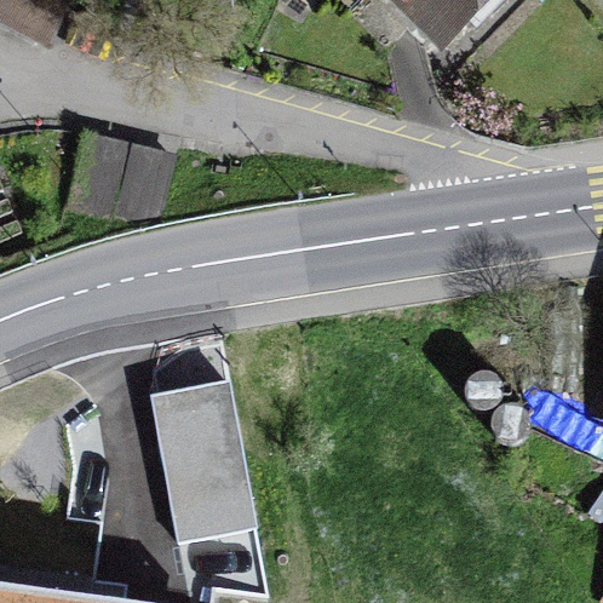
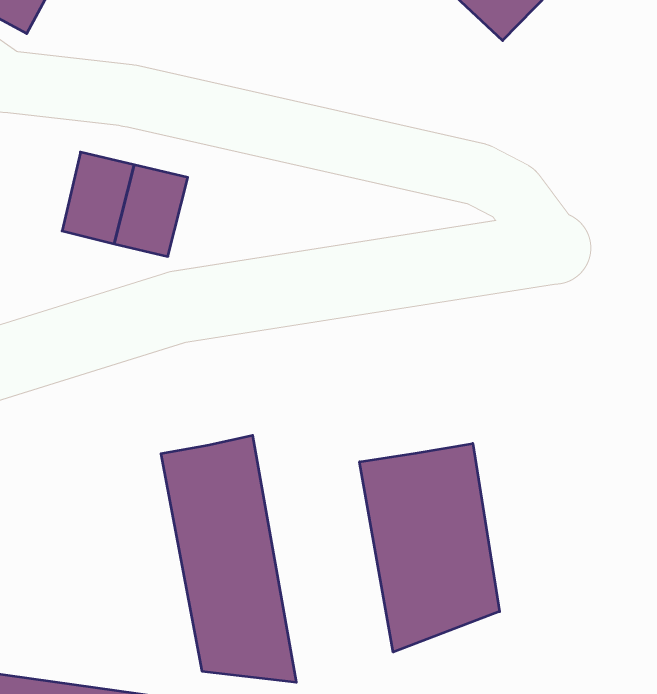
building: none -> [360,443,500,652]

